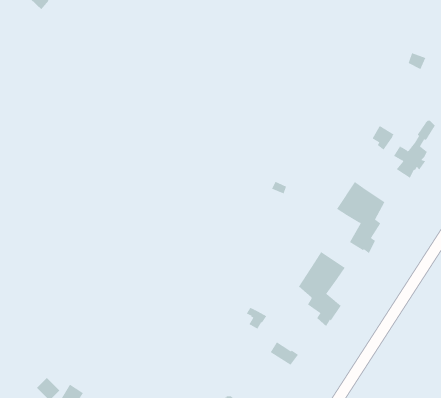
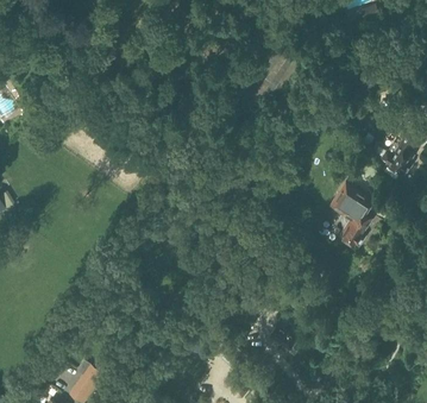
building: [298,251,346,327] -> none

